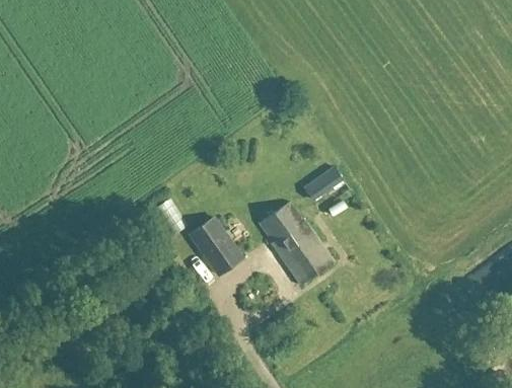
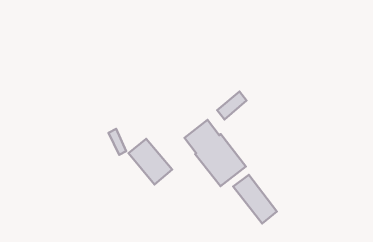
building: none -> [233,175,277,223]

